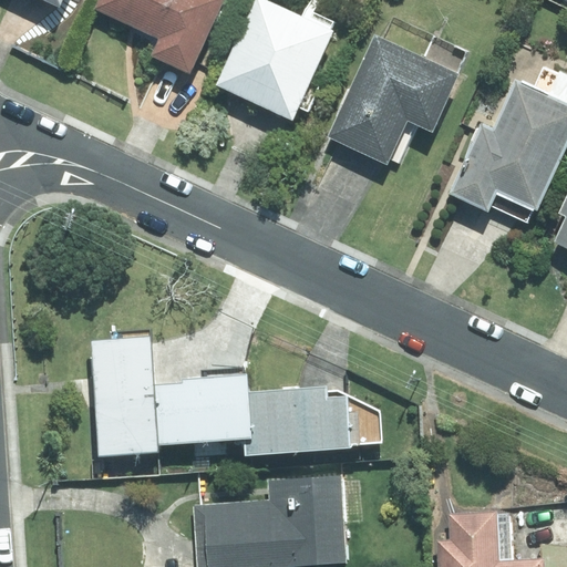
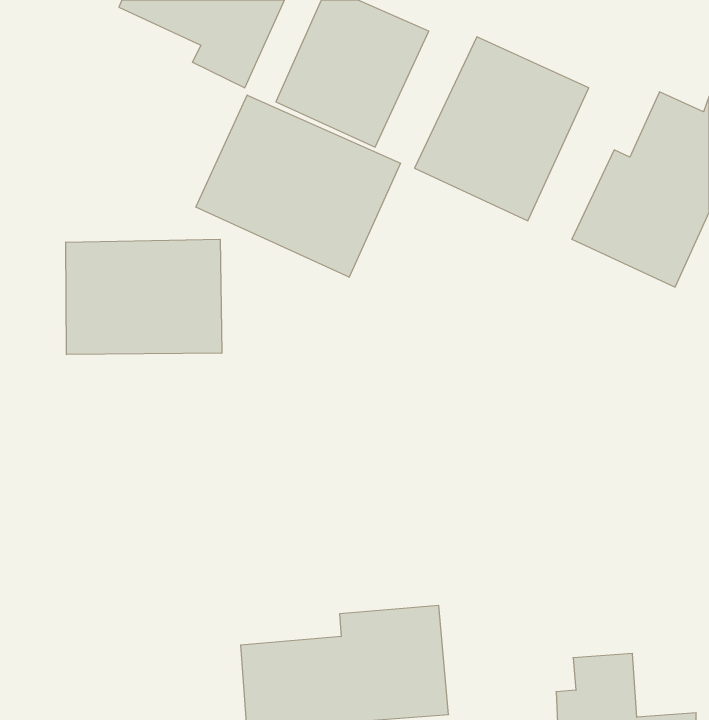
building: none -> [196,95,401,277]
building: none -> [66,239,222,355]
building: [93,339,354,455] -> none

